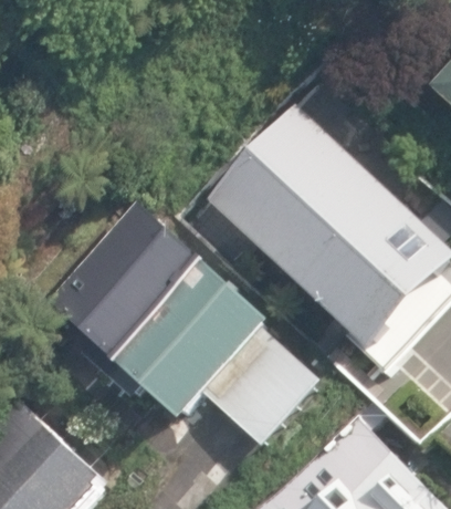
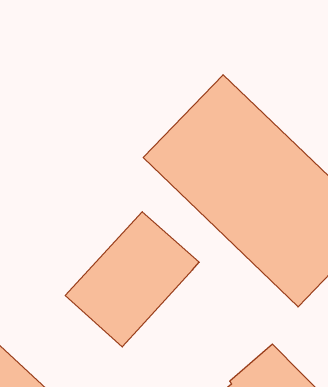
building: [48,200,206,361] -> none
building: [204,331,321,446] -> none

